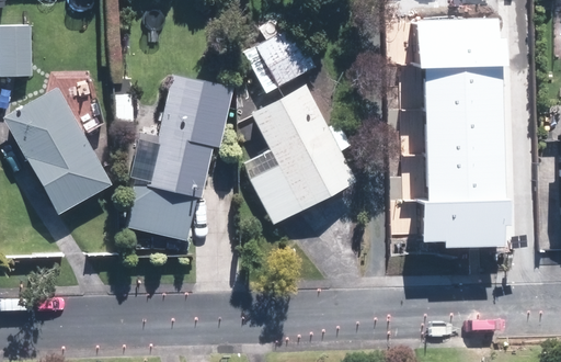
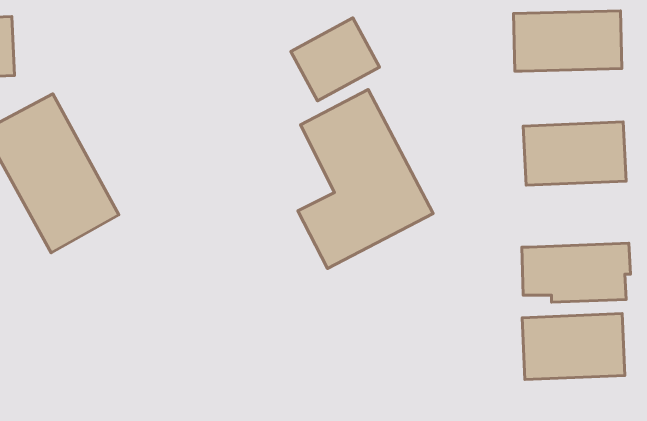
building: [424,67,503,112] -> none
building: [127,73,230,239] -> none
building: [427,155,507,206] -> [522,313,625,380]

